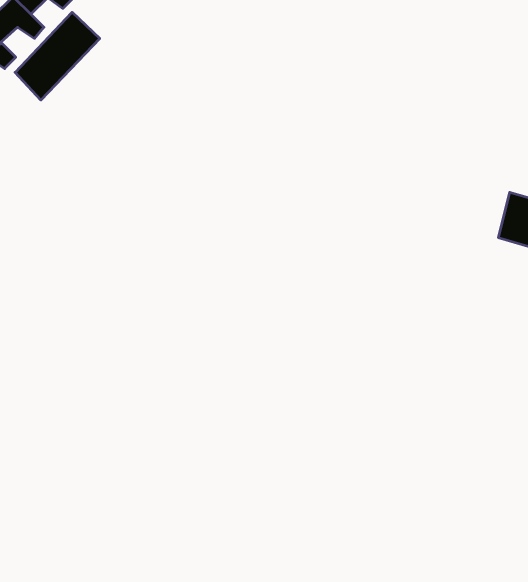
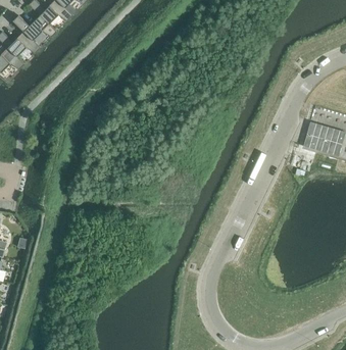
building: [15,12,100,100] -> none

